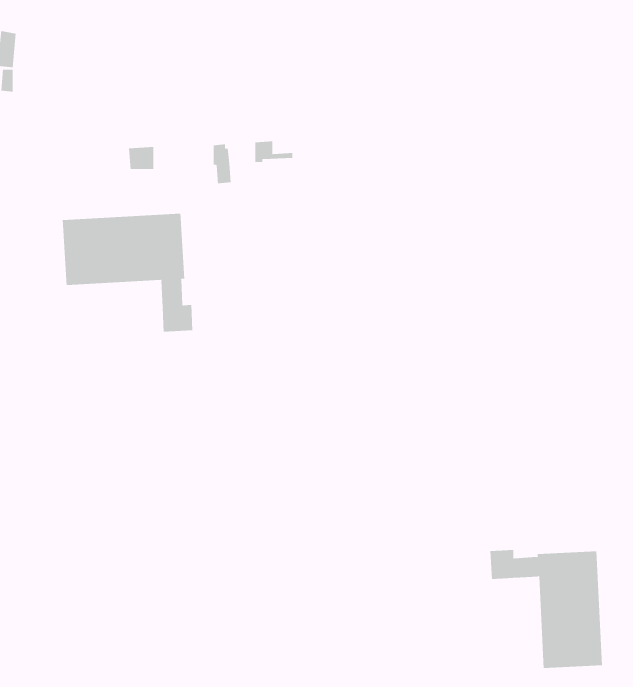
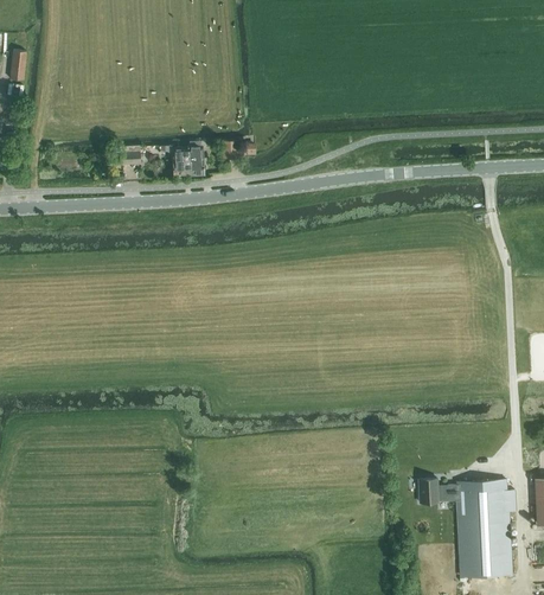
building: none -> [171,147,192,177]
building: [62,213,193,333] -> none

